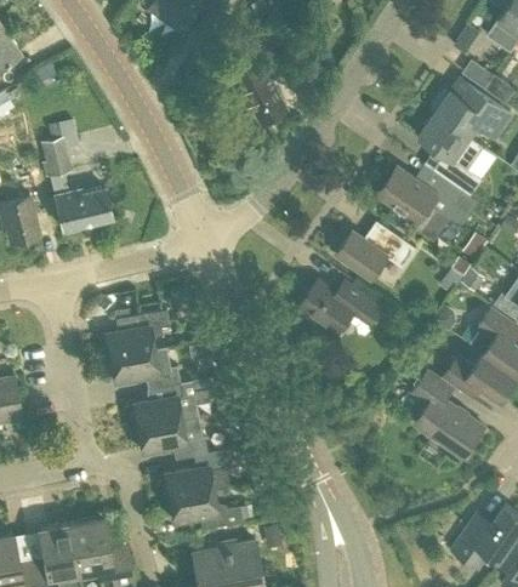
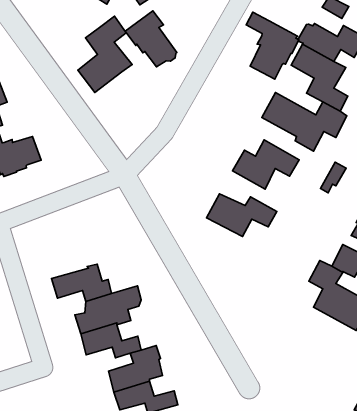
building: none -> [78,16,132,93]
building: none -> [246,12,299,79]
building: [106,309,169,358] -> none

